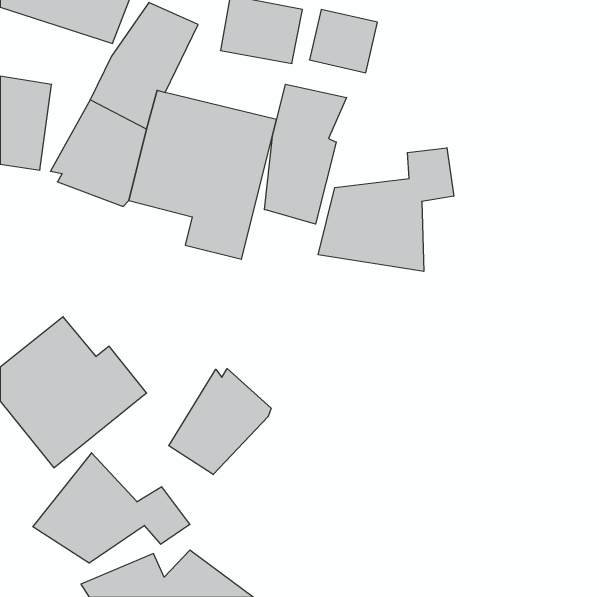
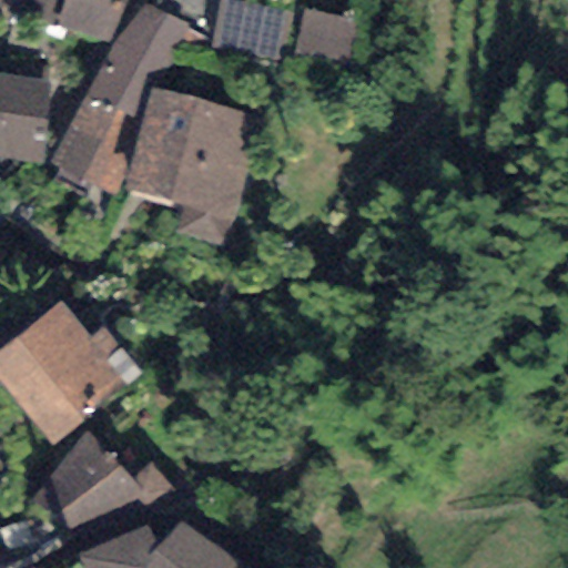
building: [264,84,346,224] -> none
building: [318,148,454,271] -> none
building: [169,369,271,475] -> none

